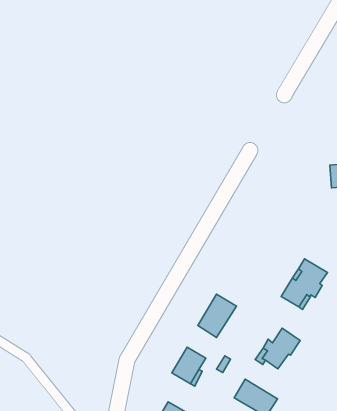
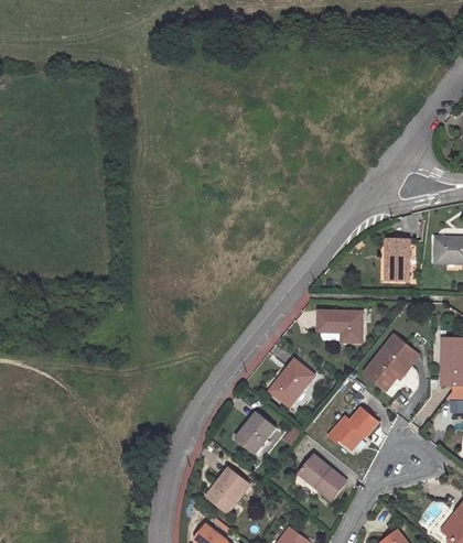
building: none -> [383,241,407,282]
building: none -> [322,308,366,338]

